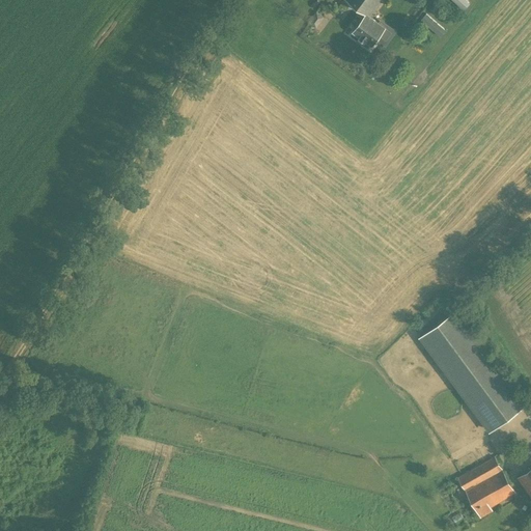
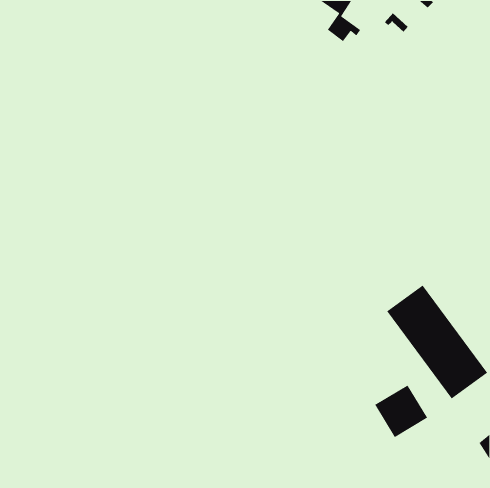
building: [456,458,514,516] -> [374,384,428,438]

